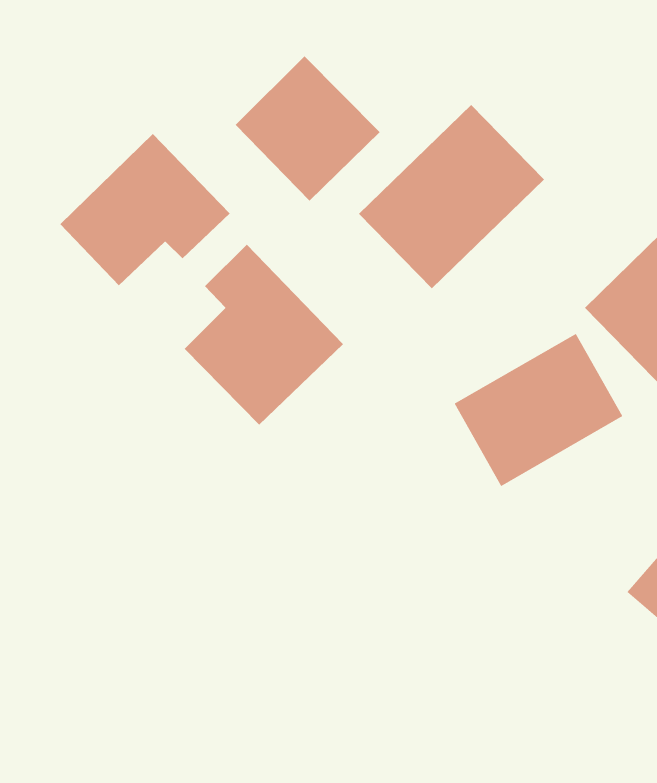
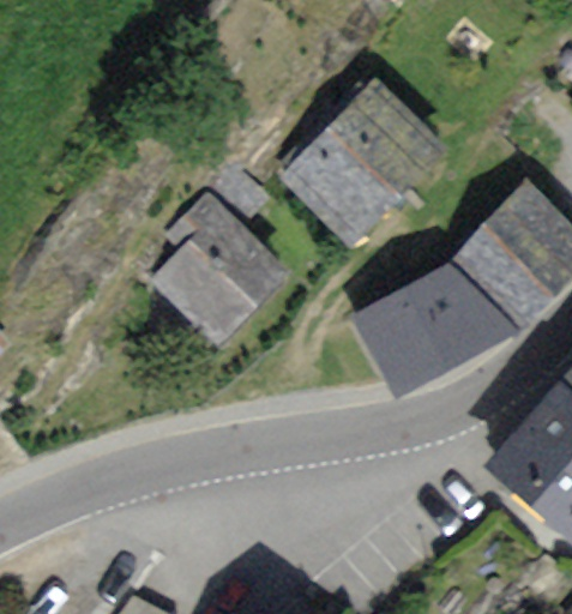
building: [235,56,381,202] -> none
building: [60,133,231,286] -> none

